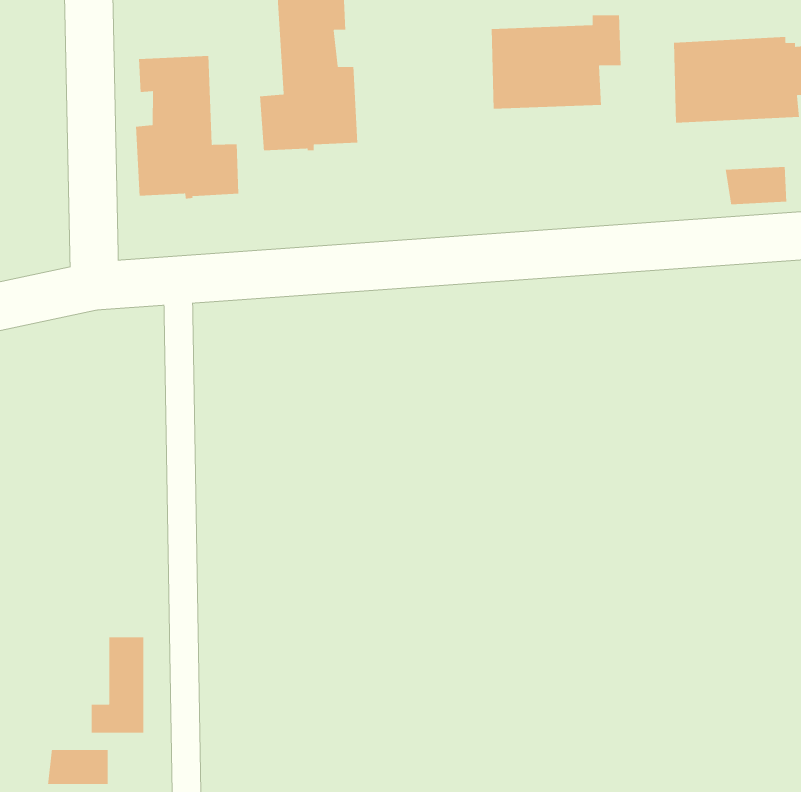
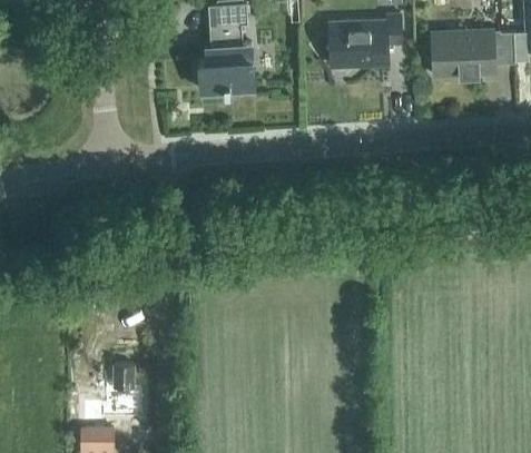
building: [135,55,239,199] -> none
building: [725,166,787,205] -> none

